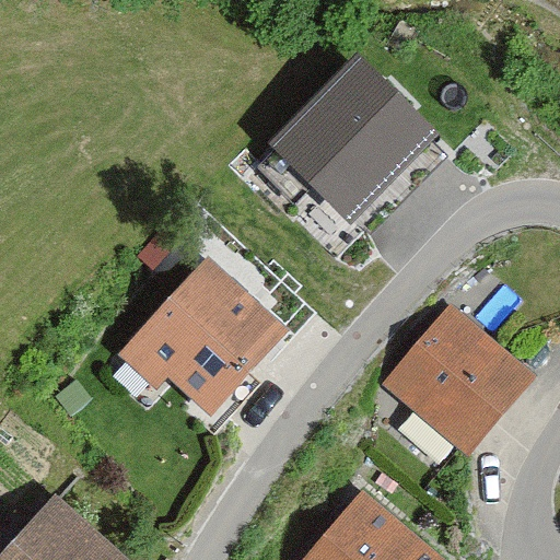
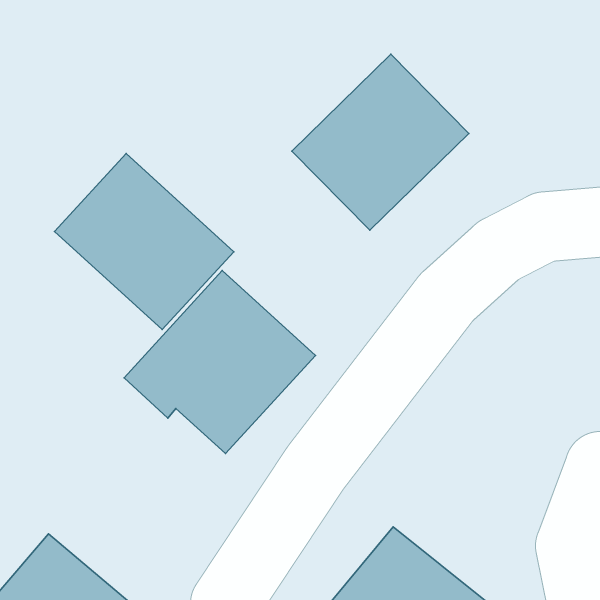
building: none -> [54,154,234,330]
building: [387,308,534,454] -> none

